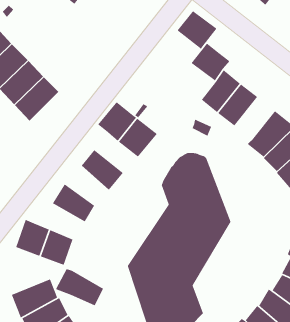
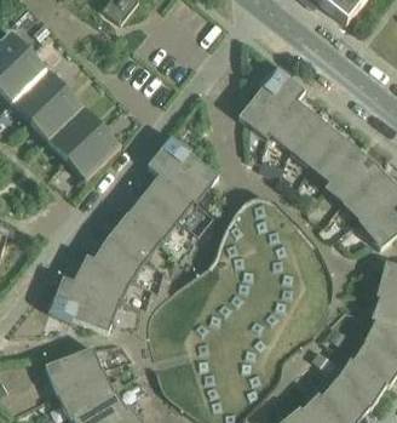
building: [176,10,217,50] -> [237,91,286,138]
building: none -> [67,125,120,178]
building: none -> [309,131,356,182]
building: none -> [143,173,192,221]
building: none -> [109,212,160,259]
building: [55,268,104,307] -> [73,255,131,301]

